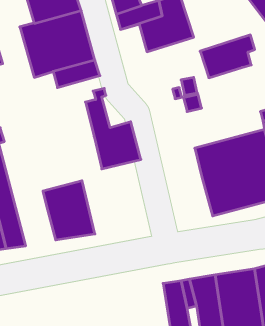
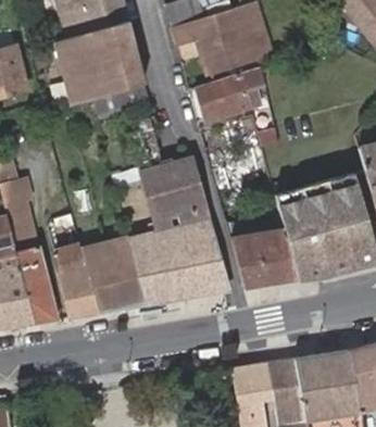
building: [200,35,255,78] -> [195,66,264,121]
building: none -> [128,210,225,304]
building: none -> [229,230,294,288]
building: none -> [58,250,95,316]

